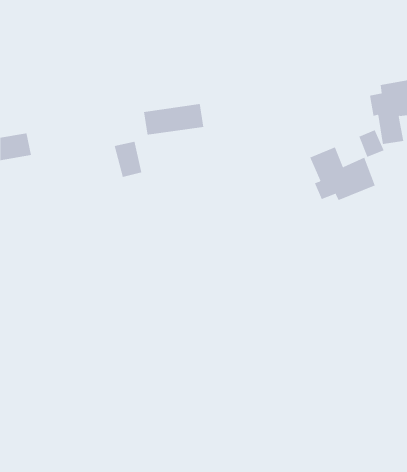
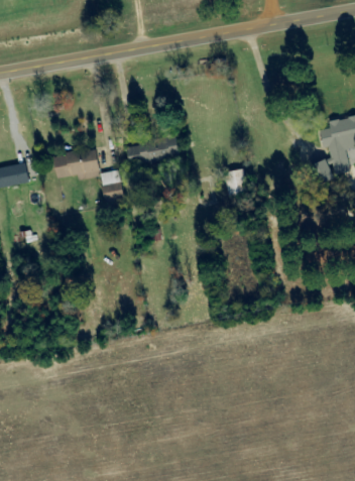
building: none -> [52,149,100,181]
building: none -> [224,168,247,198]
building: [309,146,376,201] -> none

